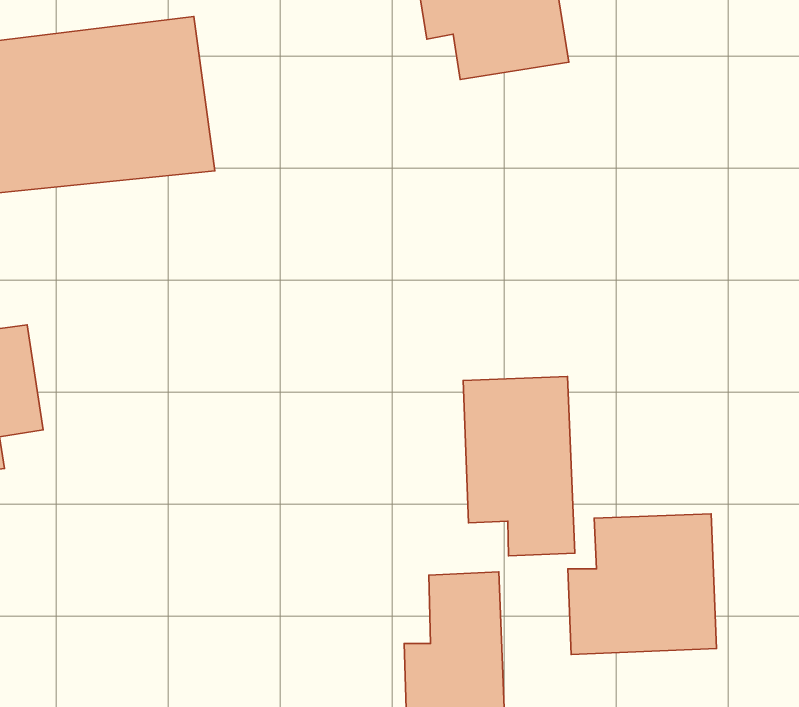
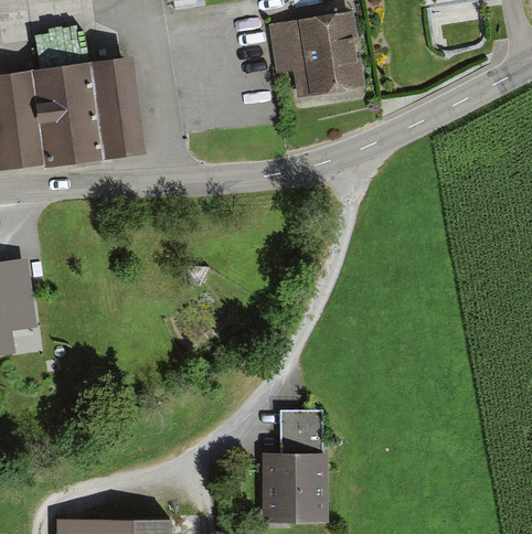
building: [463,376,575,556] -> none
building: [568,514,717,655] -> none

